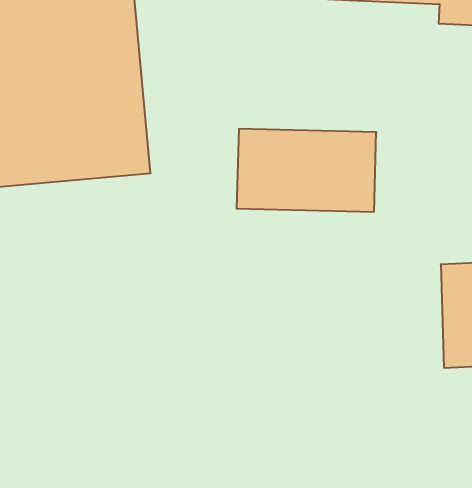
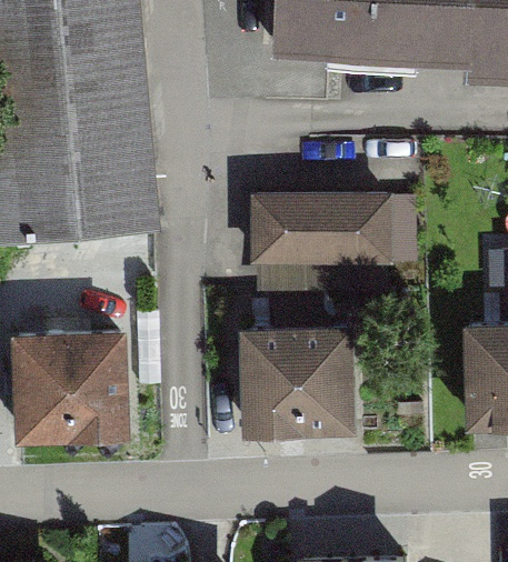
building: none -> [242,325,359,439]
building: none -> [11,335,128,443]

